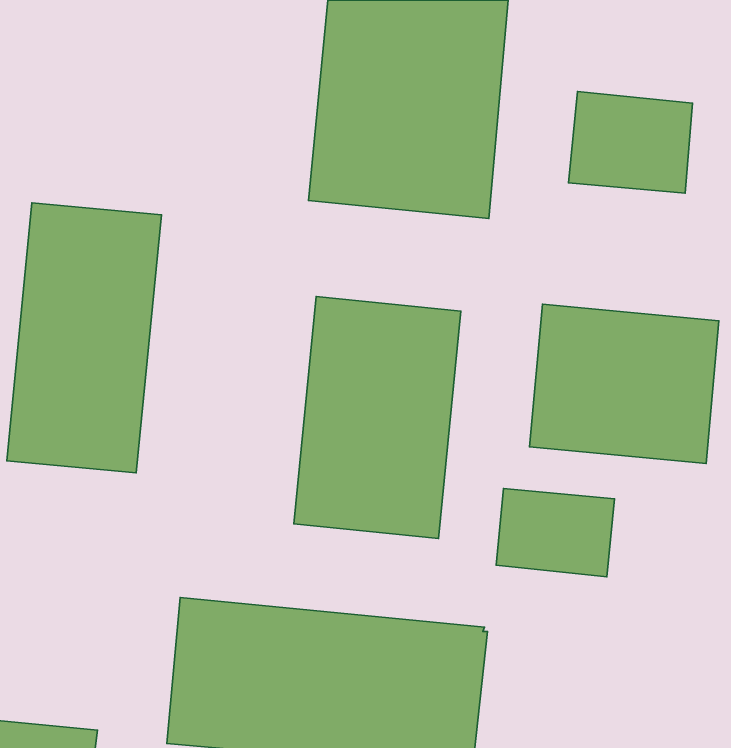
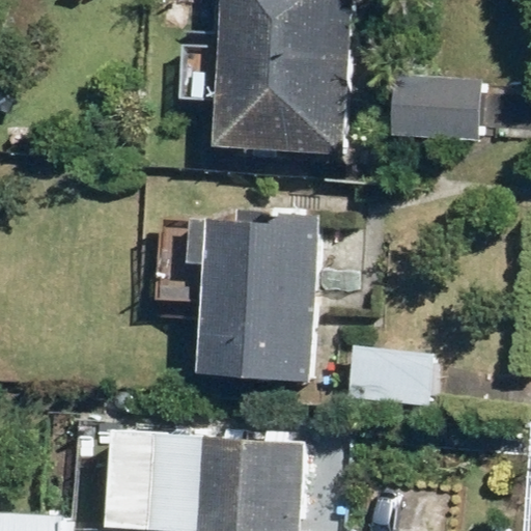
building: [7,203,161,473] -> none
building: [529,304,719,463] -> none

